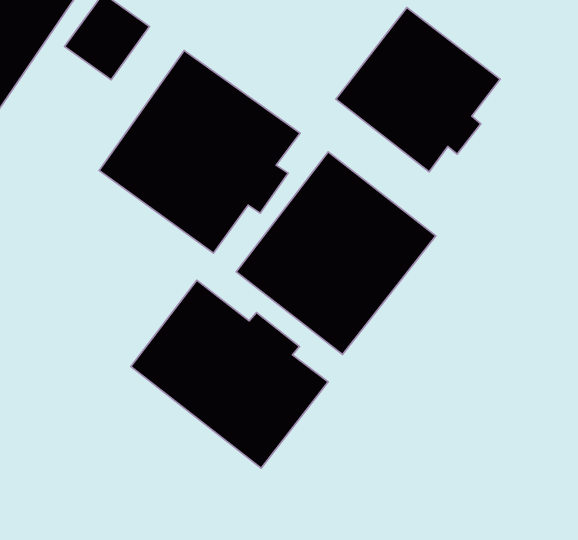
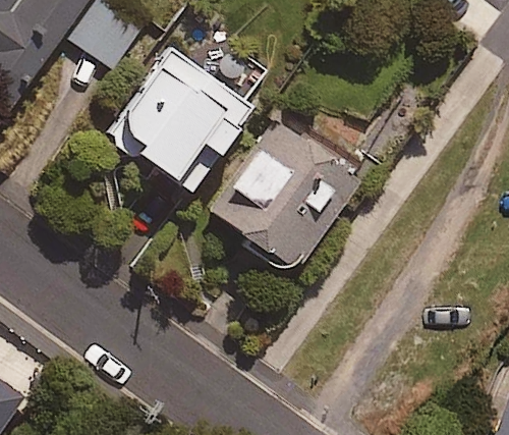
building: [336,7,500,172] -> none
building: [131,280,328,468] -> none

